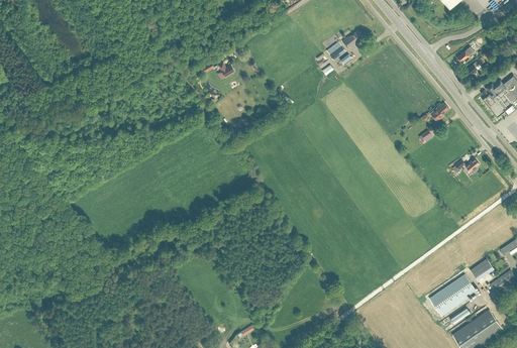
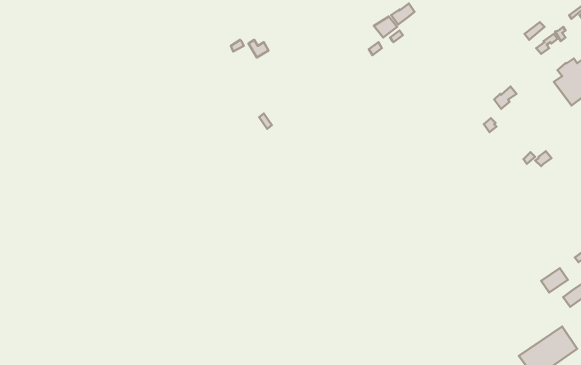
building: [429,273,477,315] -> none

